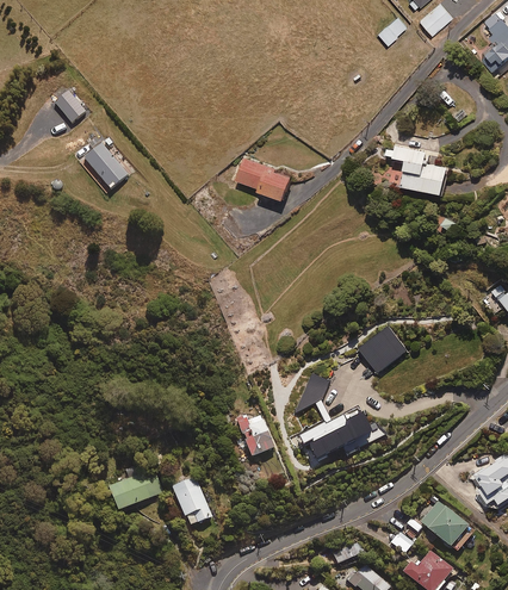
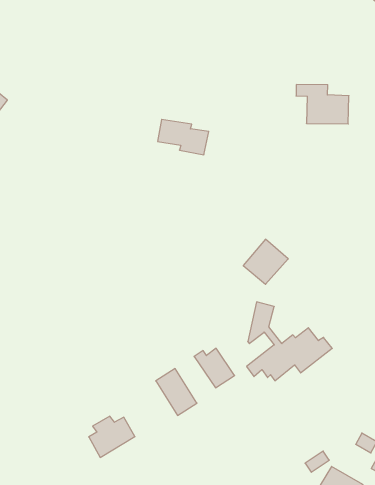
building: [85,147,129,192] -> none
building: [359,324,408,372] -> [243,239,288,284]
building: [173,474,212,524] -> [156,369,197,415]

